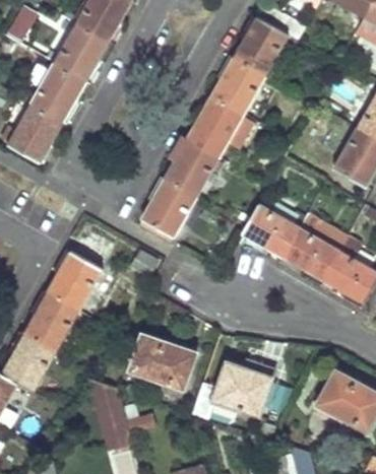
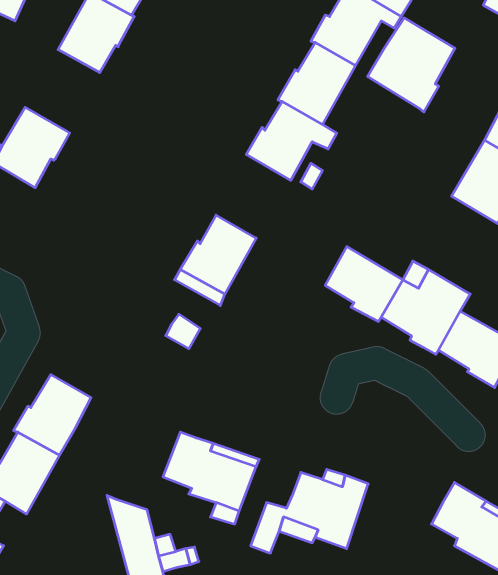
building: none -> [368,18,455,112]
building: [30,64,85,121] -> none
building: [164,139,218,197] -> none
building: [46,252,101,310] -> none

